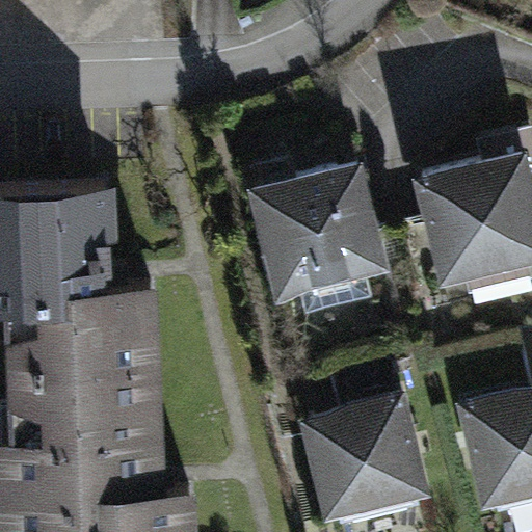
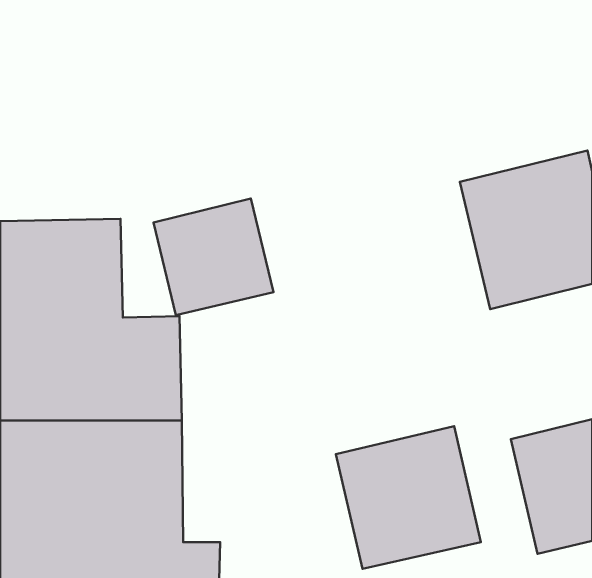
building: [247,158,390,300] -> none
building: none -> [154,198,273,315]

